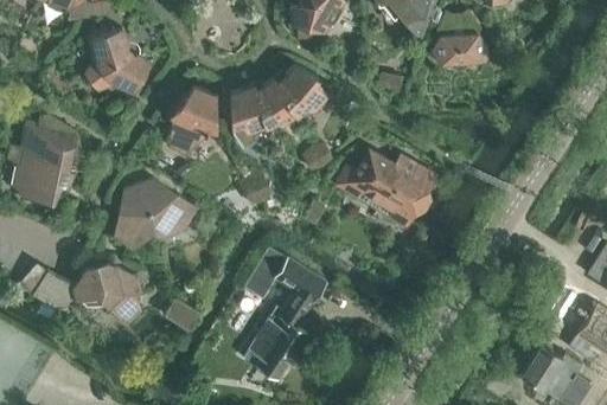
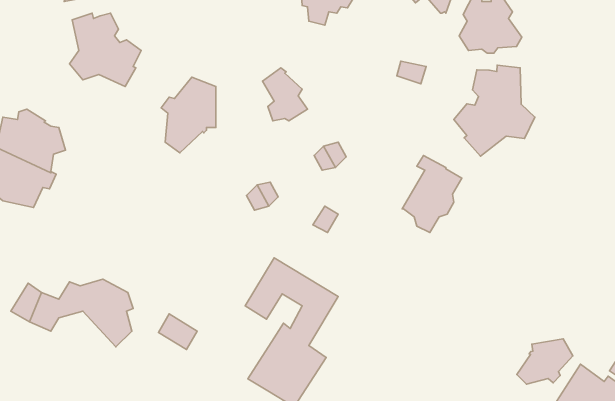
building: [277,64,326,114] -> none
building: none -> [454,65,535,156]
building: [230,84,268,148] -> none
building: [337,153,402,206] -> none
building: [114,178,198,247] -> none
building: none -> [517,339,573,384]

